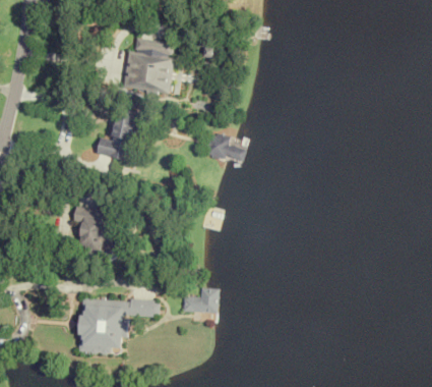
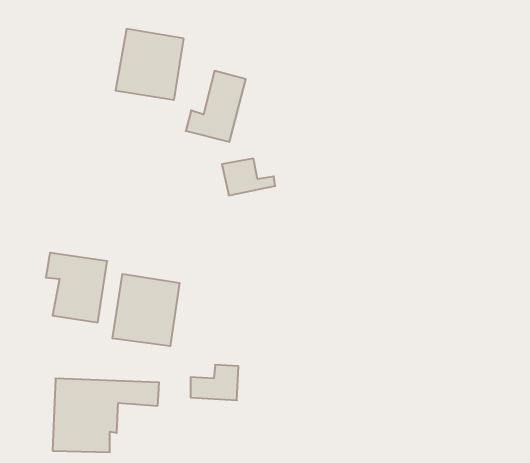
building: [95,108,139,161] -> [186,71,246,142]
building: none -> [113,274,180,346]

